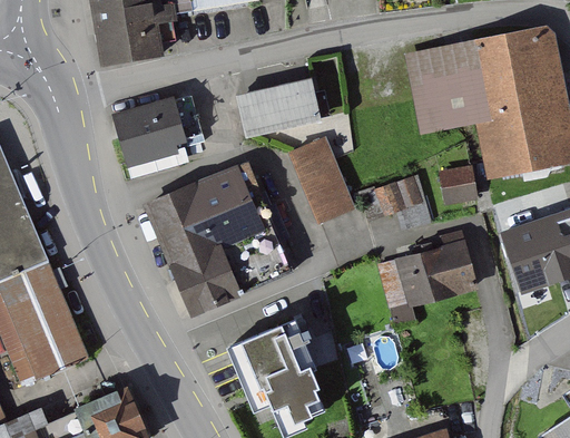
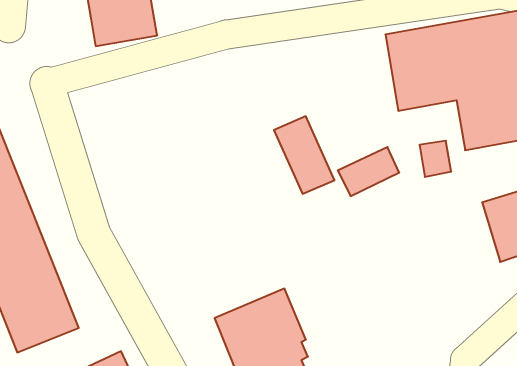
building: [242,80,325,140] -> none
building: [116,94,189,163] -> none
building: [147,162,277,312] -> none
building: [379,243,476,317] -> none

